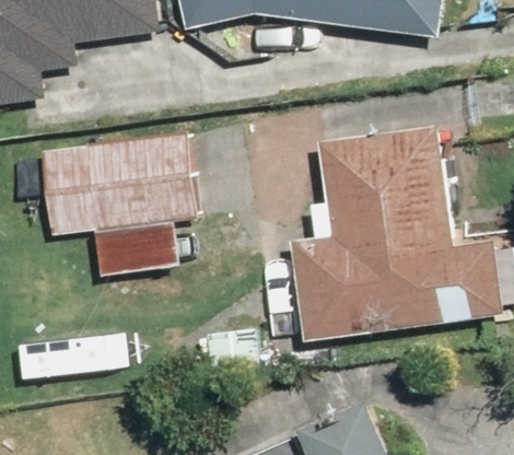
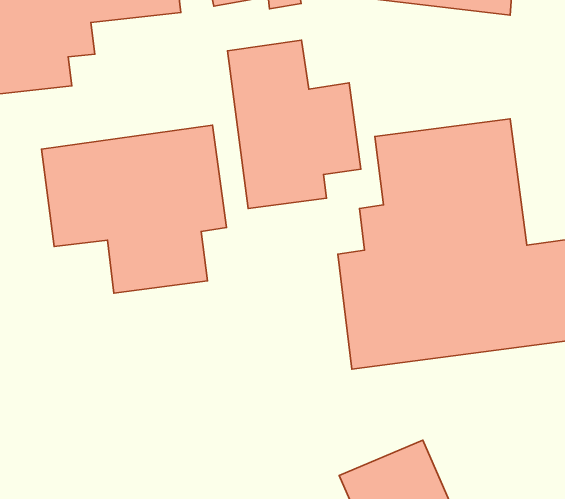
building: none -> [227,40,361,209]

